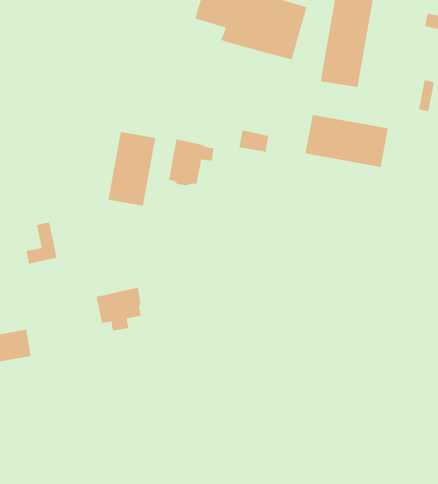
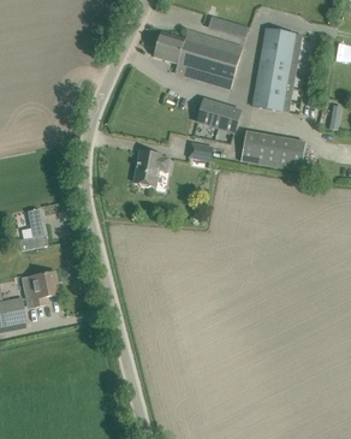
building: none -> [196,99,239,132]
building: [107,131,156,206] -> none
building: [95,287,141,331] -> [20,271,56,305]

